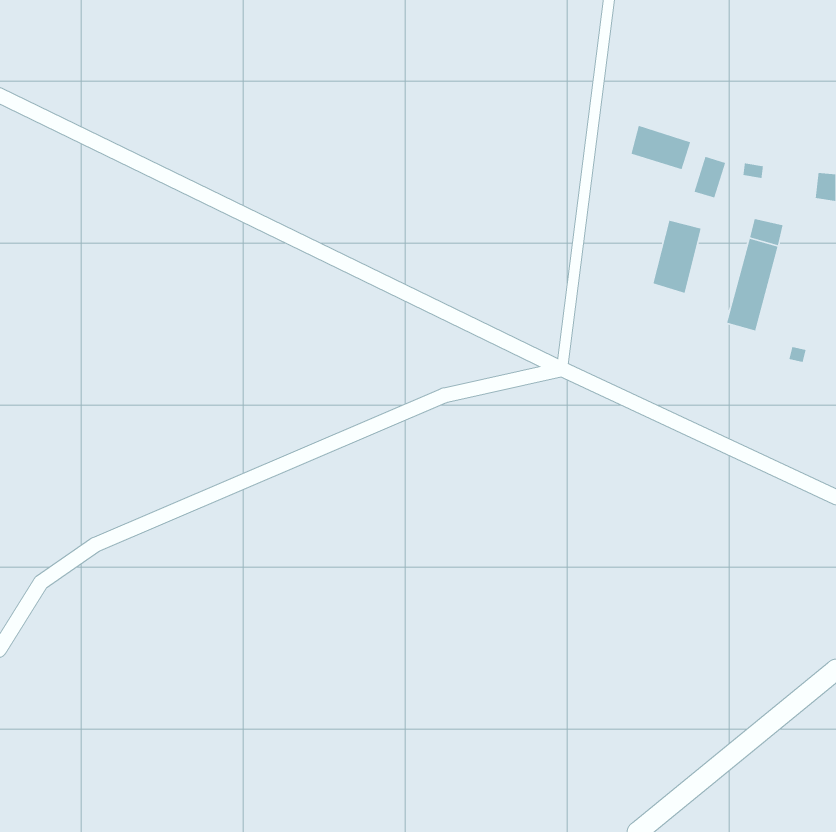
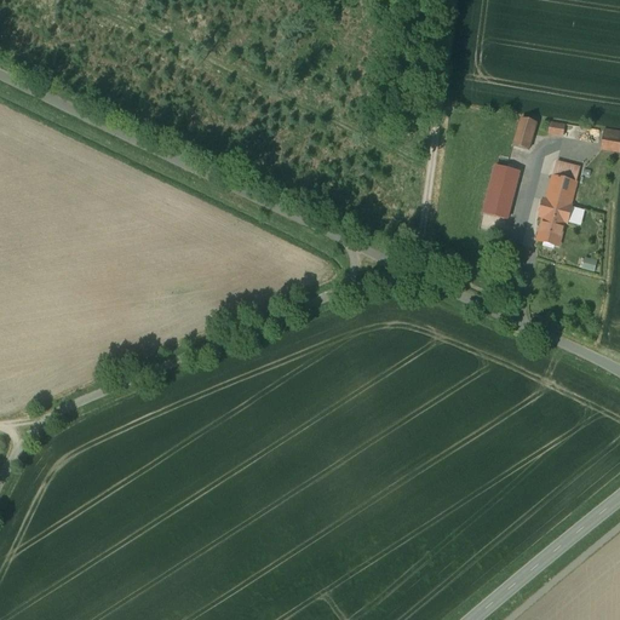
building: [630,125,691,170] -> none

